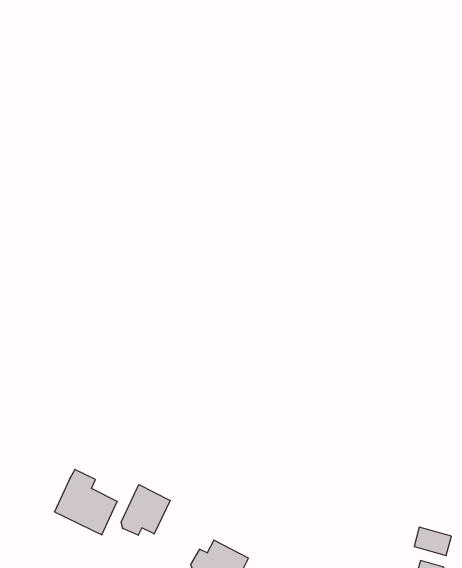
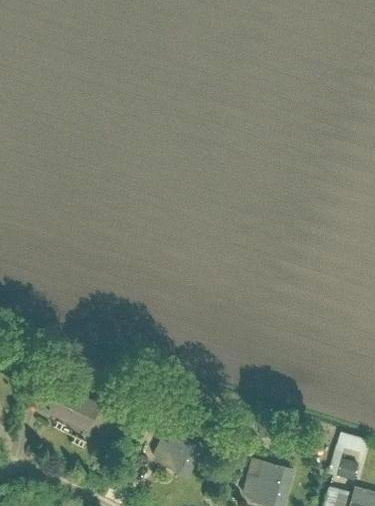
building: [121,485,170,535] -> none

